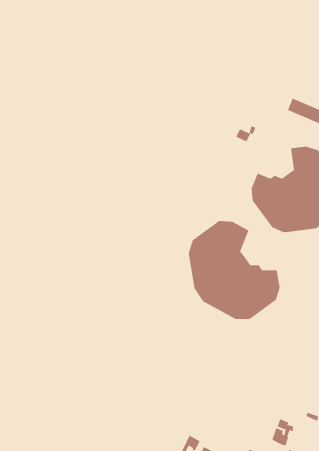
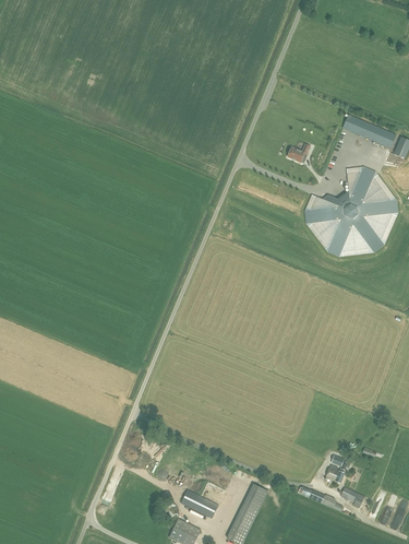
building: [188,220,280,320] -> none

